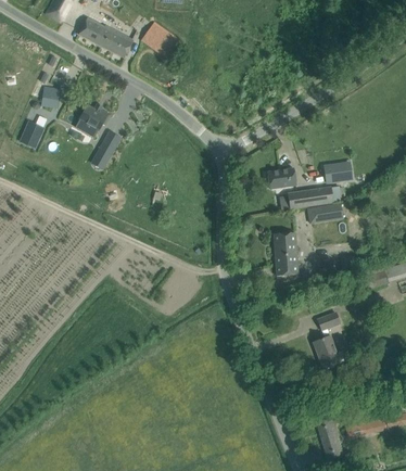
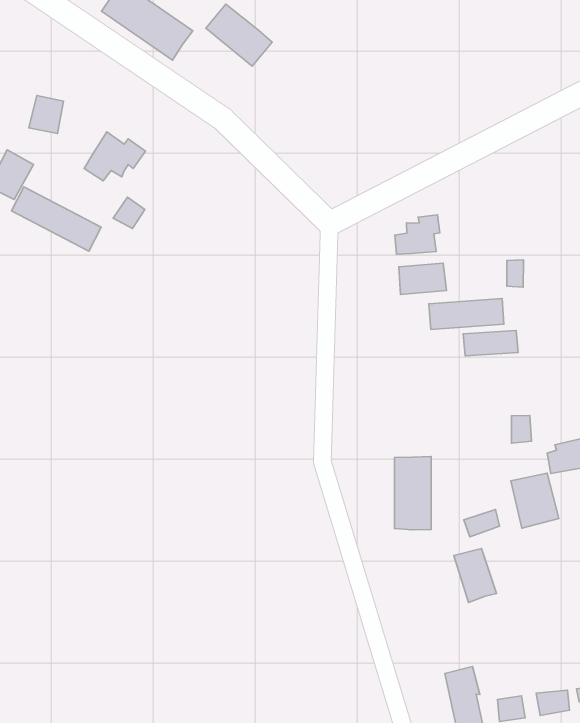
building: none -> [395,215,440,254]
building: none -> [12,187,101,251]
building: [272,231,297,276] -> [395,457,431,530]
building: none -> [511,473,559,528]

